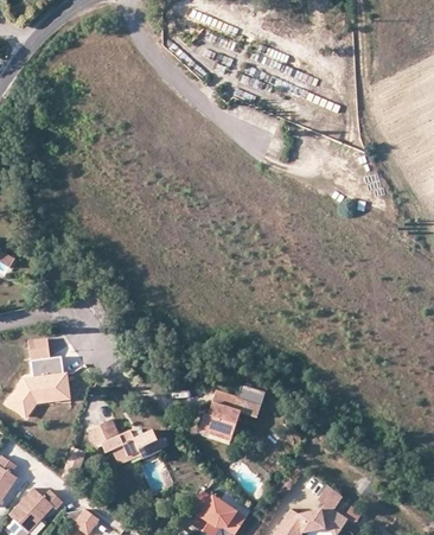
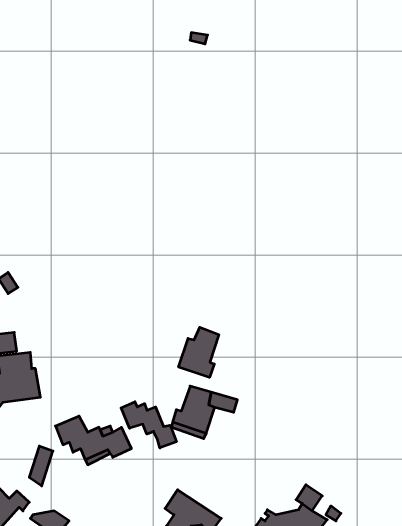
building: none -> [179,327,219,377]
building: none -> [121,402,176,448]

